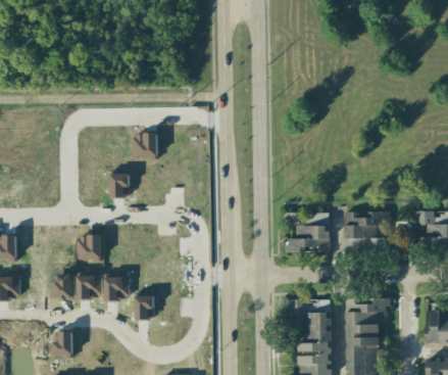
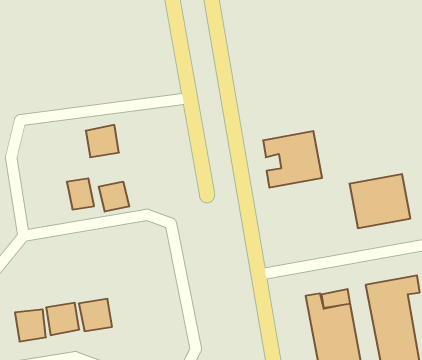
building: none -> [99,182,129,212]
building: [284,212,329,252] -> [263,131,322,188]
building: [77,235,101,261] -> none
building: [135,296,153,318] -> none

